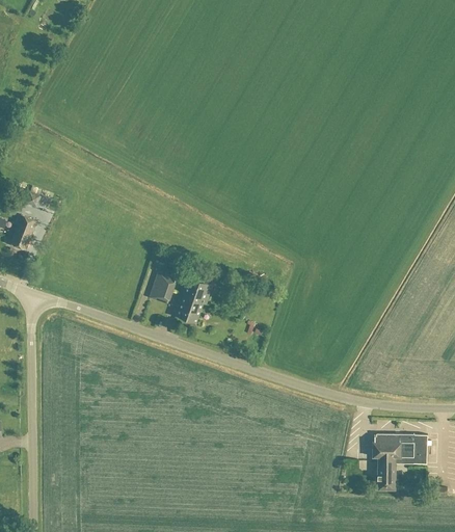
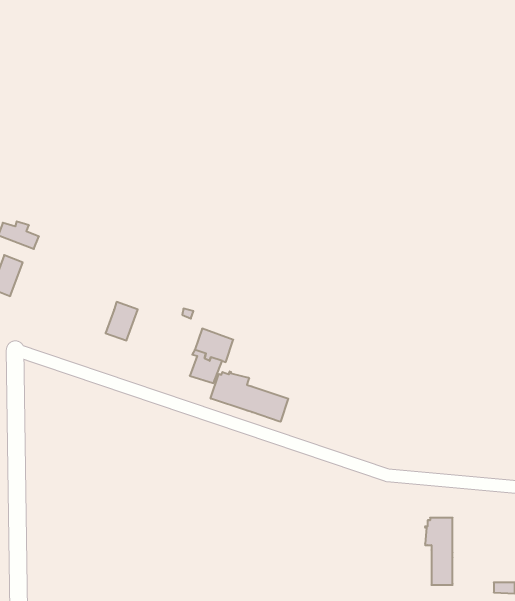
building: [149,271,176,303] -> [105,302,138,340]
building: none -> [211,371,288,422]
building: [395,433,427,463] -> none

